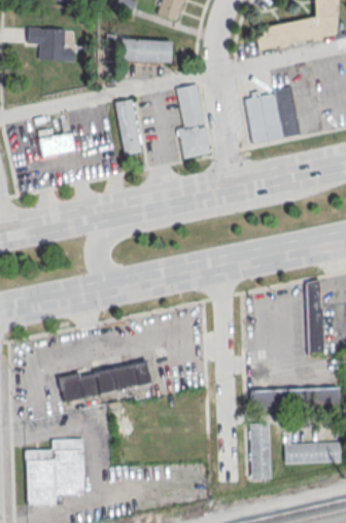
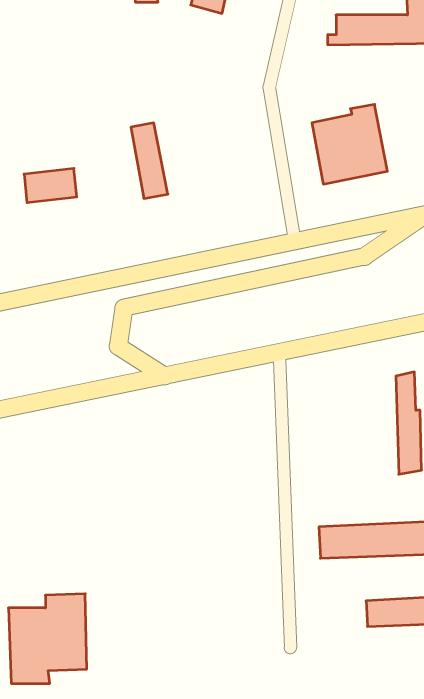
building: [27,27,74,60] -> none
building: [120,38,171,61] -> none
building: [177,84,210,158] -> none
building: [59,361,150,402] -> none
building: [250,422,271,479] -> none

